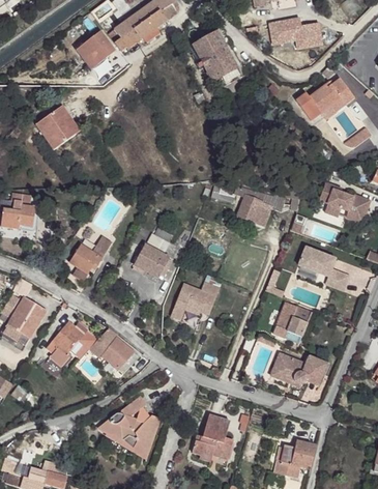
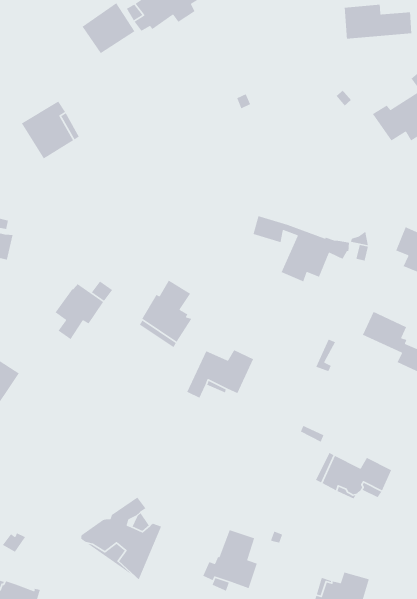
building: [194,33,239,82] -> none
building: [272,301,312,343] -> none
building: [47,321,88,366] -> none
building: [89,326,139,373] -> none

